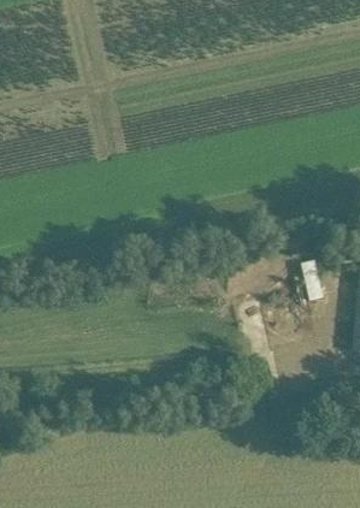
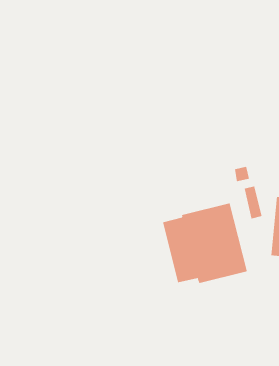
building: none -> [162,202,247,284]

